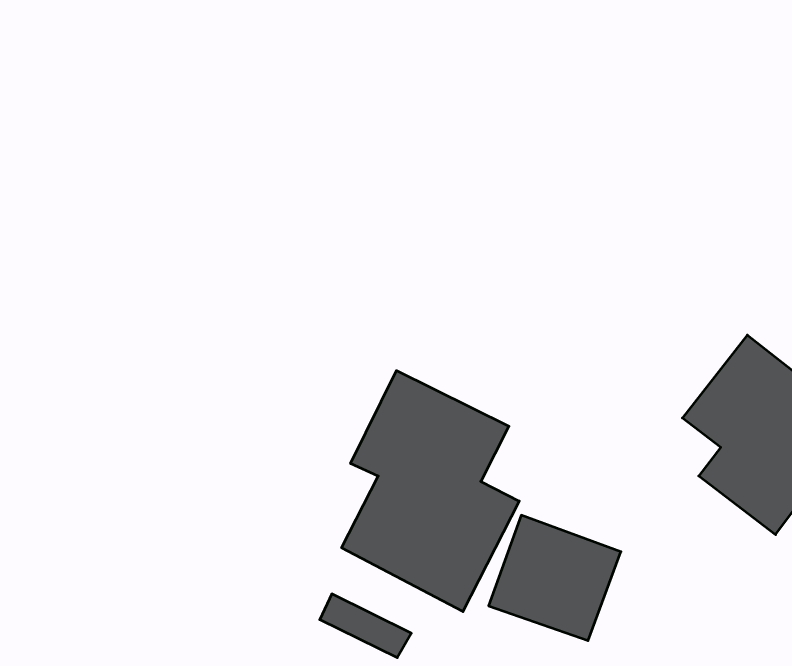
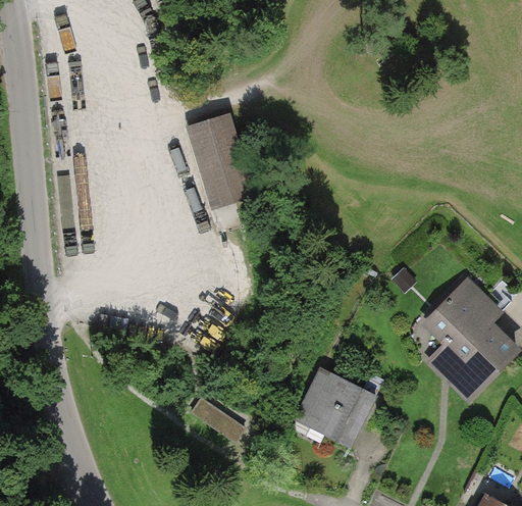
building: none -> [187,115,251,205]
building: [342,371,519,612] -> none

